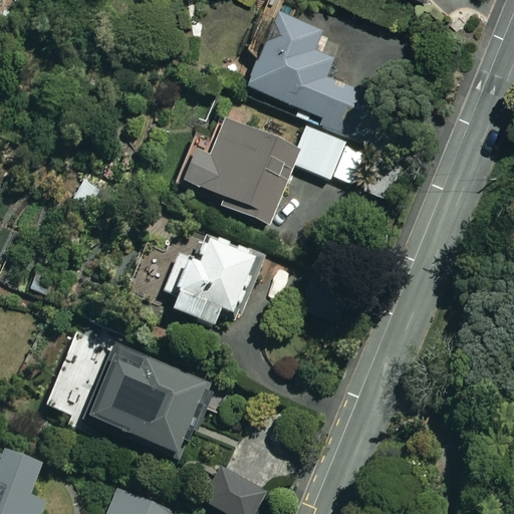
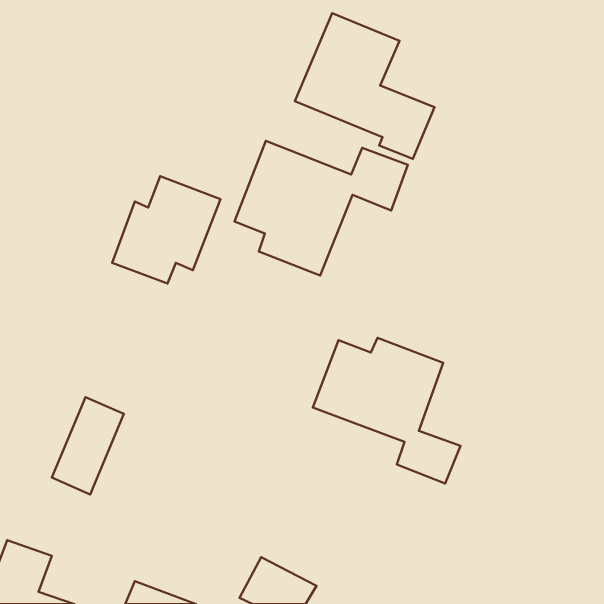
building: [170,236,260,325] -> [112,176,220,283]
building: none -> [313,338,460,483]
building: [91,341,211,456] -> none

